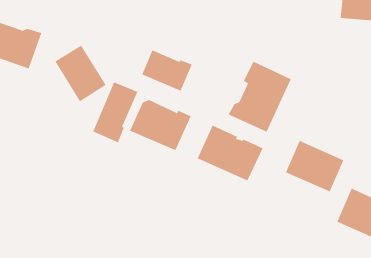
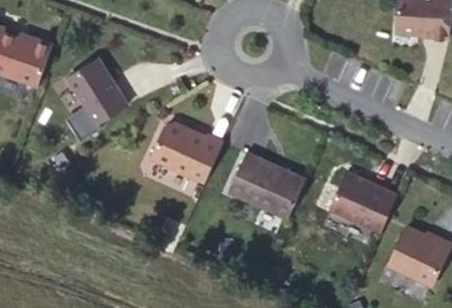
building: [142,49,192,91] -> none
building: [228,61,291,132] -> none
building: [92,82,138,143] -> none

